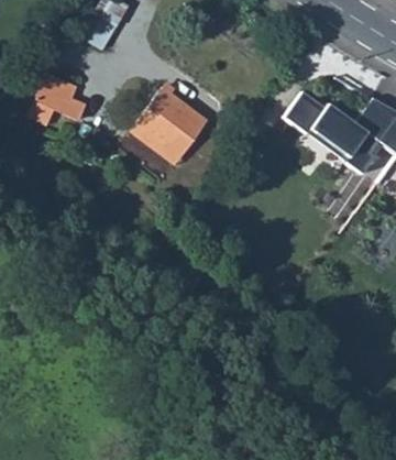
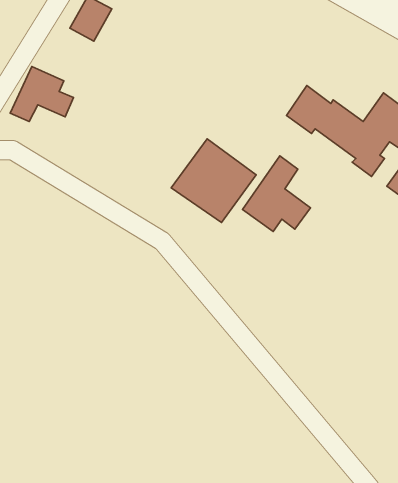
building: [129,87,207,164] -> [171,139,256,223]
building: none -> [243,156,311,231]

